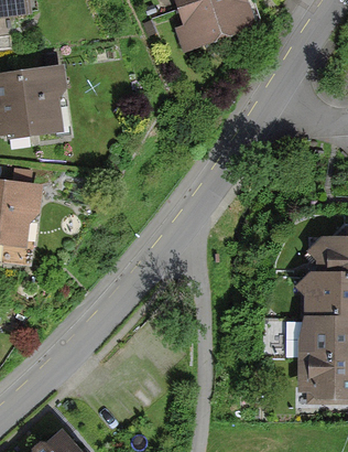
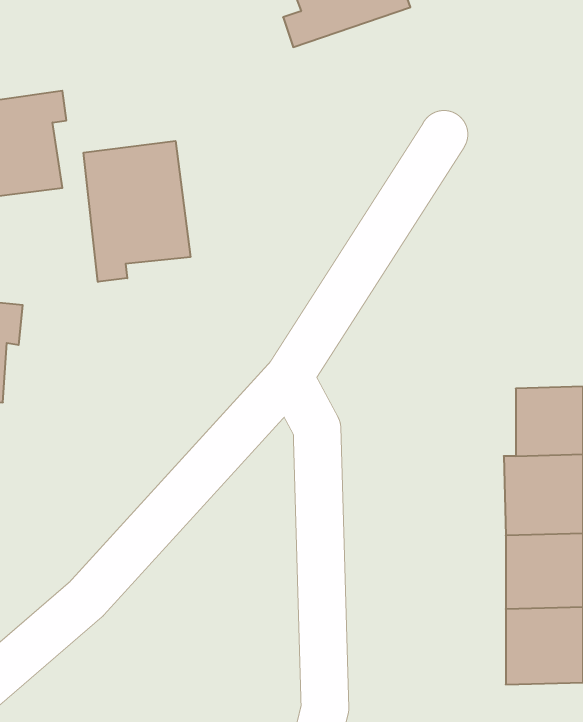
building: none -> [84,141,190,282]

